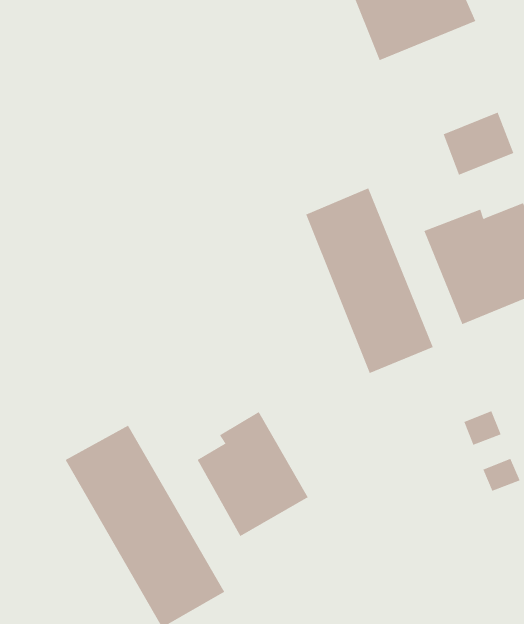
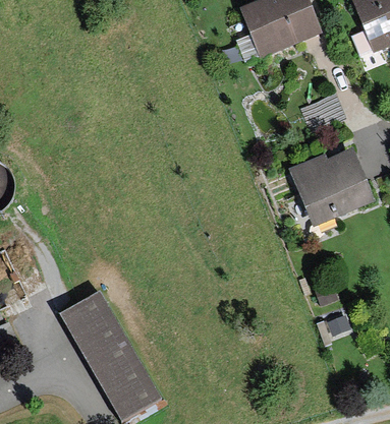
building: [305,187,433,374] -> none
building: [197,411,309,537] -> none

